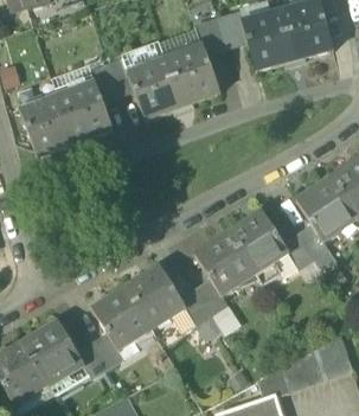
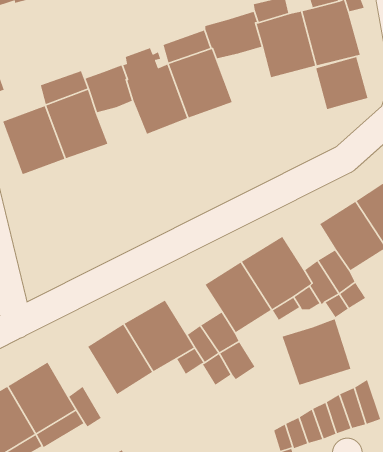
building: none -> [315,56,368,110]
building: none -> [281,318,352,386]
building: [89,332,124,370] -> none

